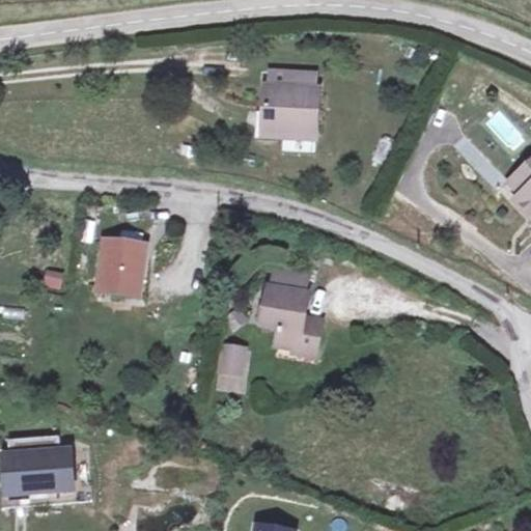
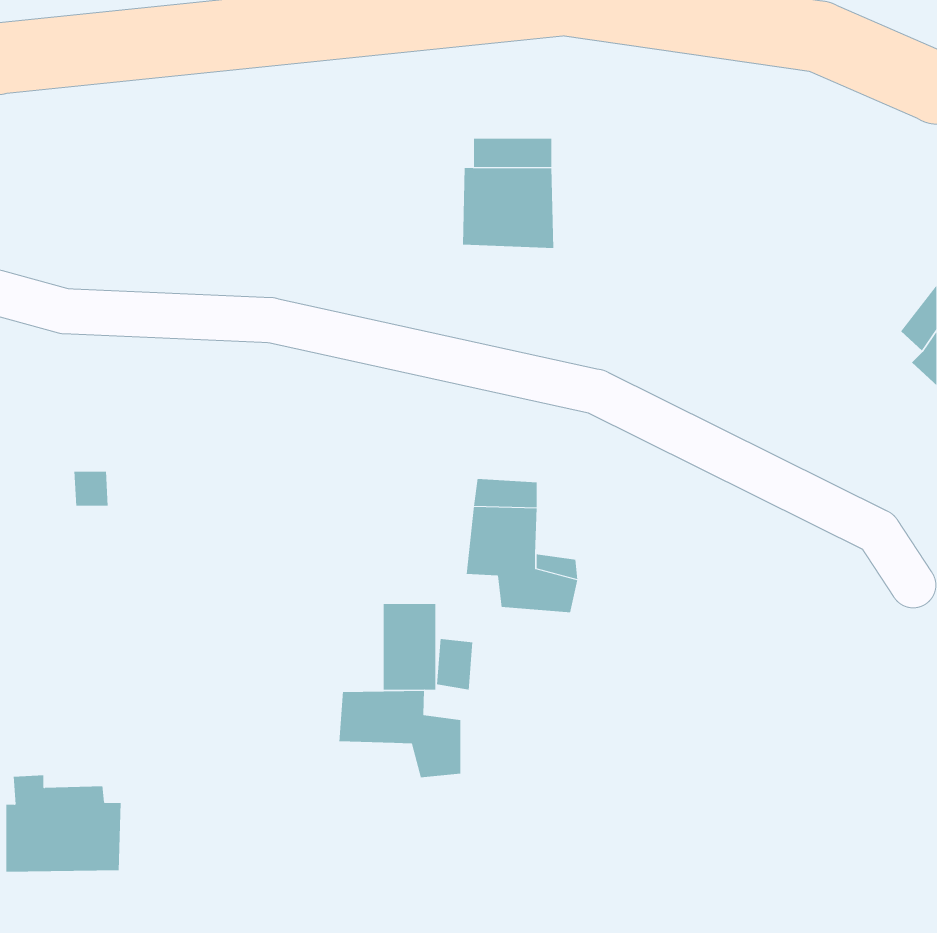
building: [103,240,147,298] -> none
building: none -> [339,690,461,778]

